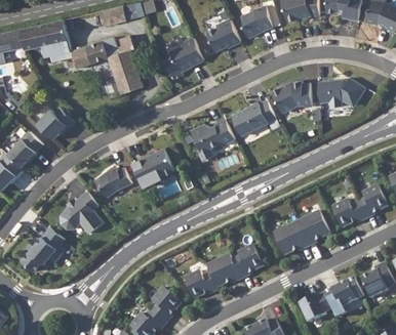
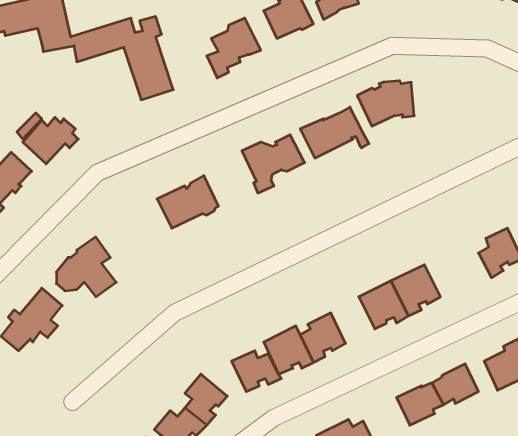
building: [317,78,365,107] -> none
building: [94,167,132,197] -> none
building: [331,199,366,227] -> none

